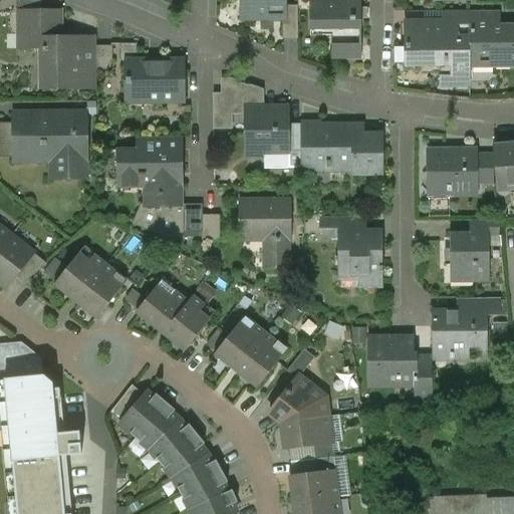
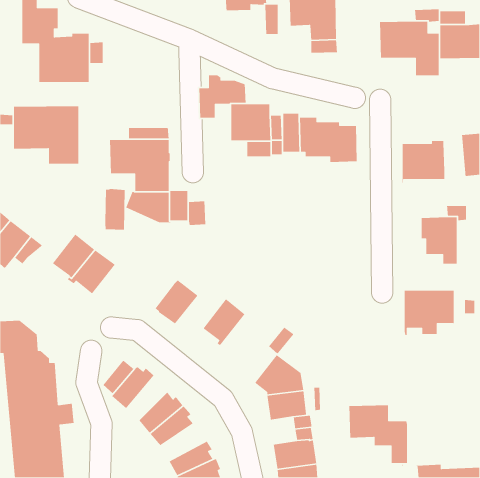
building: [125,60,180,99] -> none
building: [474,153,492,183] -> none
building: none -> [104,184,125,230]
building: [238,199,289,268] -> none
building: [319,216,382,285] -> none
building: [138,282,185,335] -> none
building: [456,297,499,314] -> none
building: [235,335,284,383] -> none
building: [368,337,432,401] -> [349,405,408,464]
building: [135,401,179,449] -> none
building: [171,452,221,492] -> none

